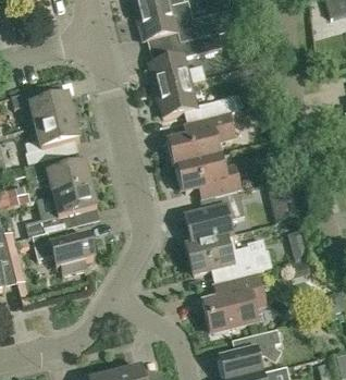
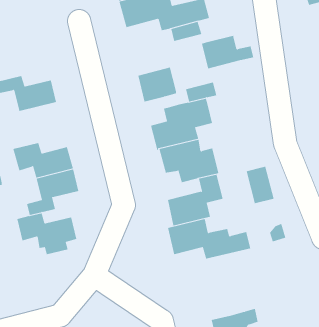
building: [150,53,205,88] -> [201,35,254,69]
building: [25,115,79,163] -> none
building: [206,274,264,330] -> none

